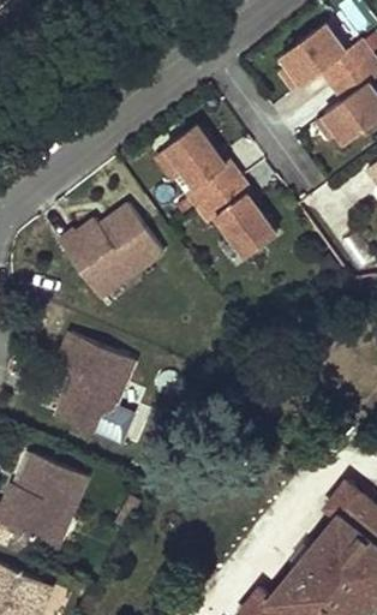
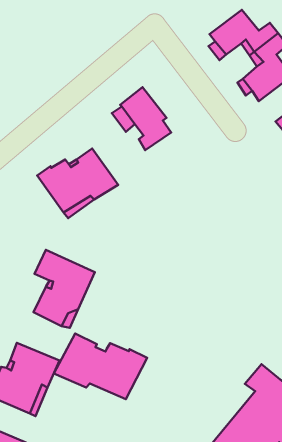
building: [198,183,277,253] -> none
building: none -> [54,334,147,399]

